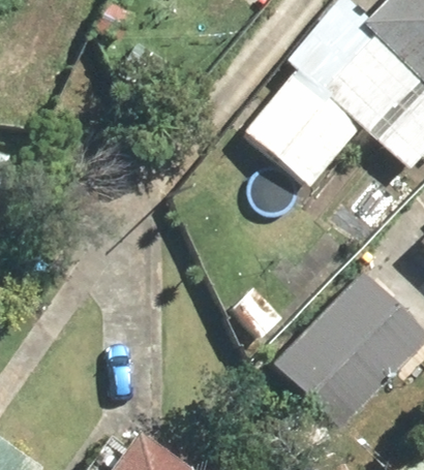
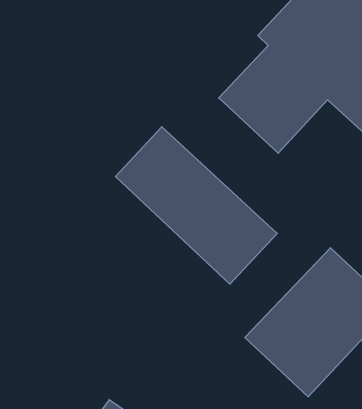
building: none -> [115,127,277,284]

